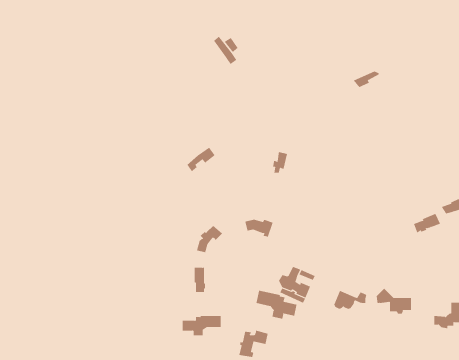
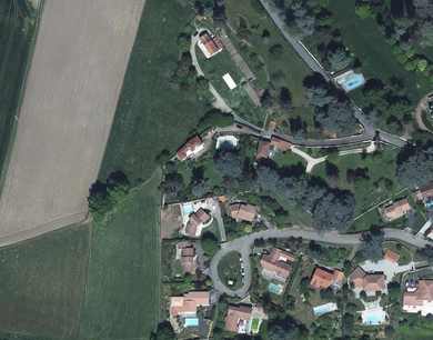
building: [256,290,297,320] -> none

